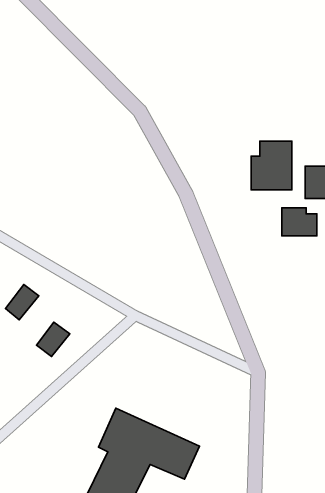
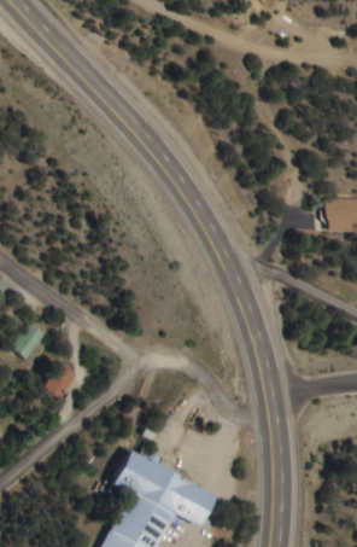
building: [251,141,292,190] -> none
building: [282,208,317,236] -> none

